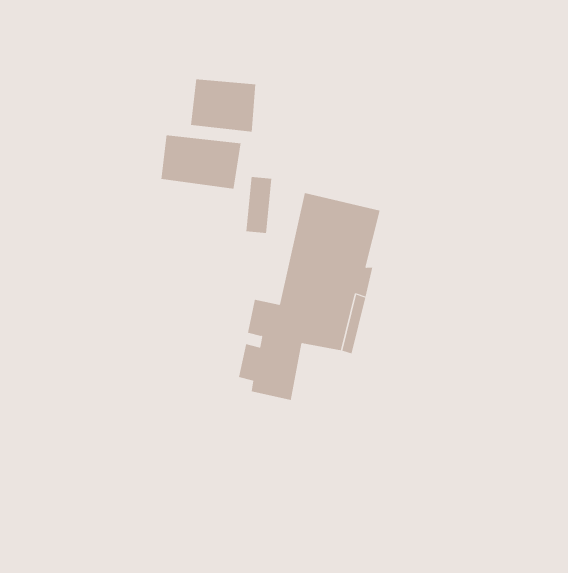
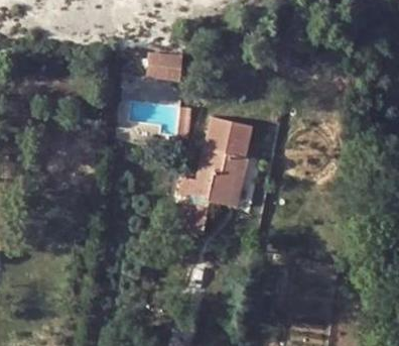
building: [161,134,241,189] -> none

